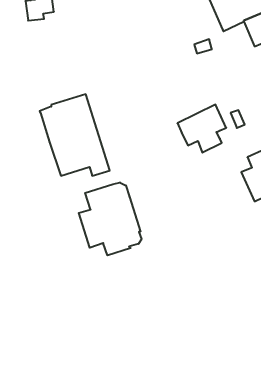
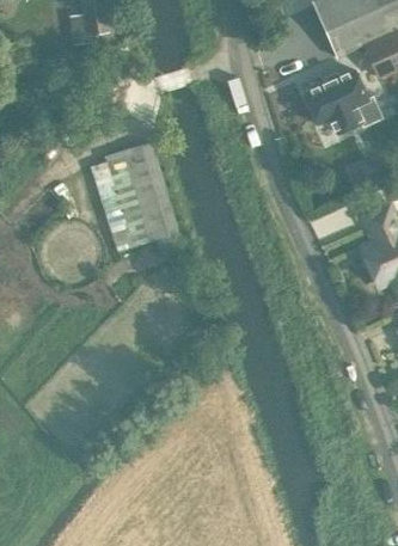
building: [177,105,226,153] -> [304,70,369,135]
building: [79,182,141,255] -> none

